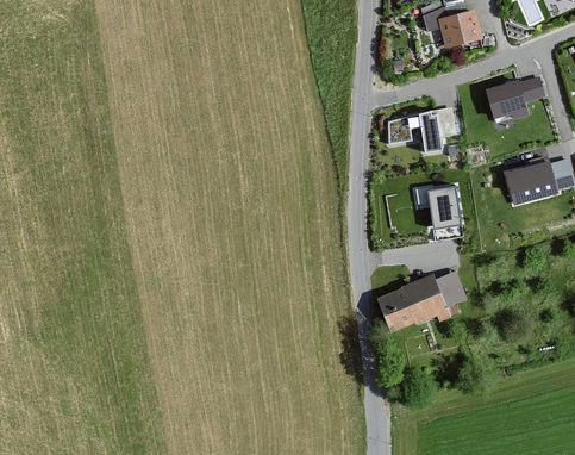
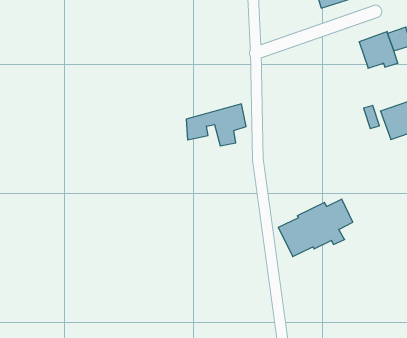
building: [388,107,456,154] -> [186,104,246,146]
building: [427,183,462,231] -> none

